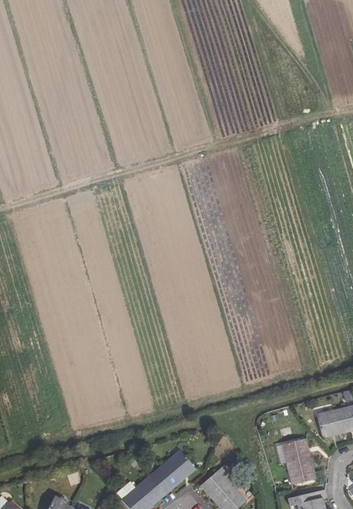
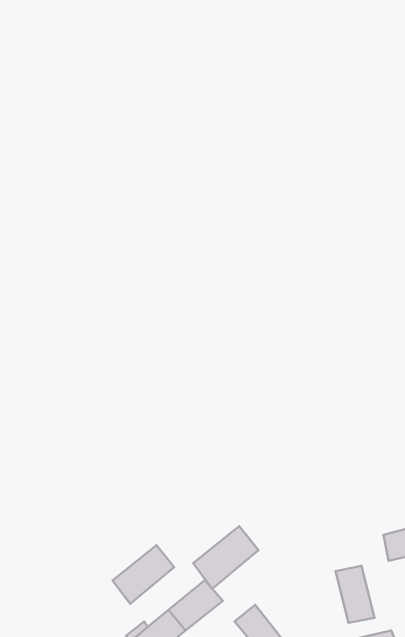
building: none -> [193,526,259,589]
building: none -> [113,545,174,604]

